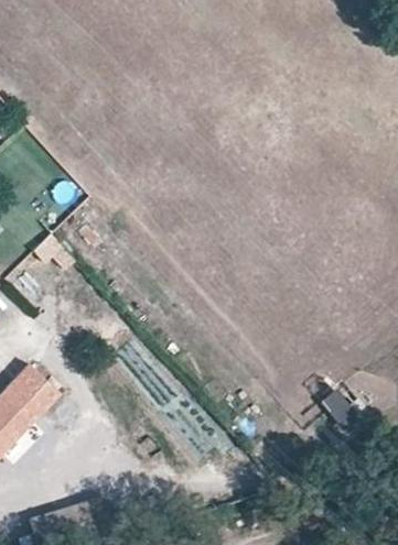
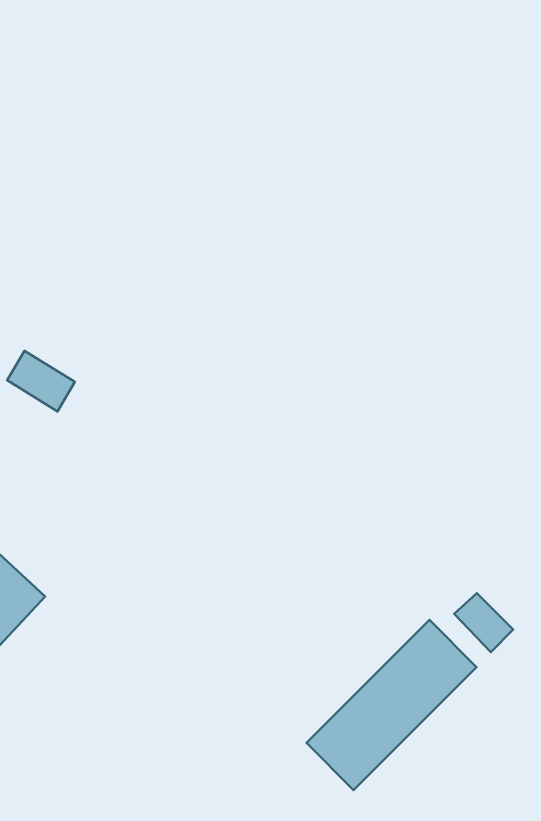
building: none -> [307,620,476,790]

